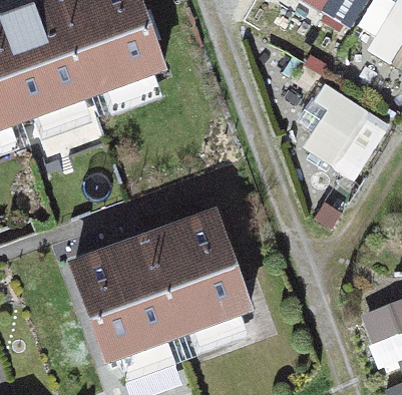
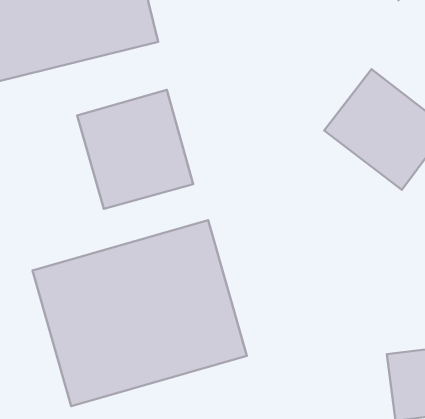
building: none -> [77,90,193,209]

